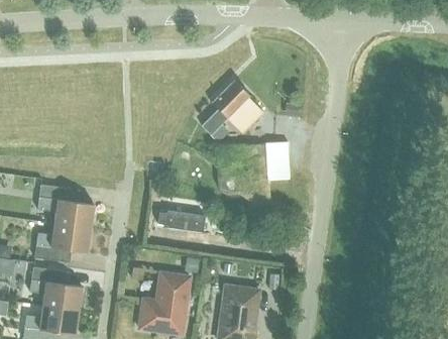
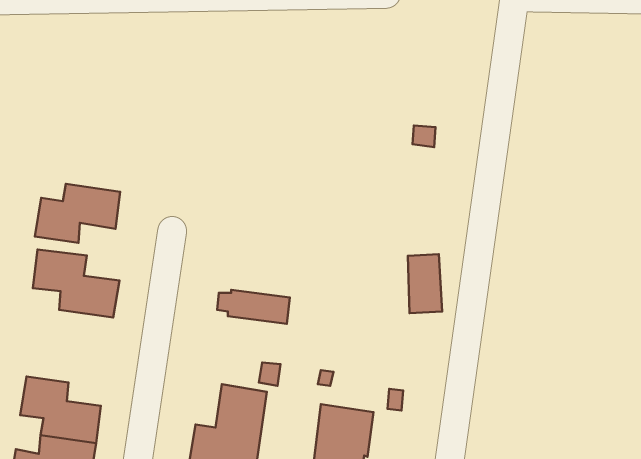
building: [201,80,260,134] -> none
building: [267,141,290,180] -> [408,254,442,313]
building: [34,223,90,261] -> [35,184,120,243]

